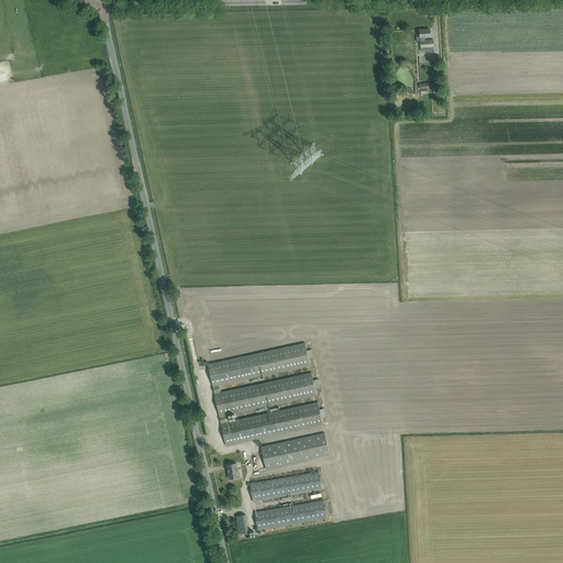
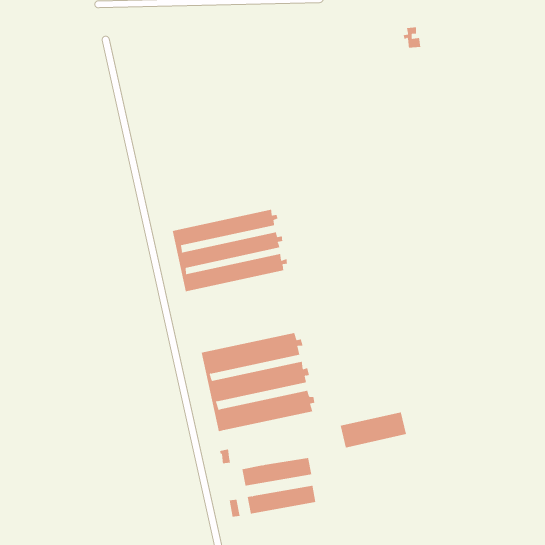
building: none -> [172,209,288,292]
building: [260,431,329,468] -> [340,412,407,448]

